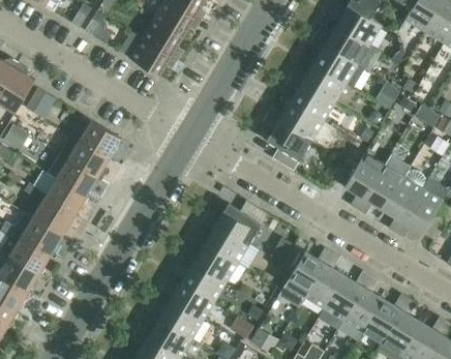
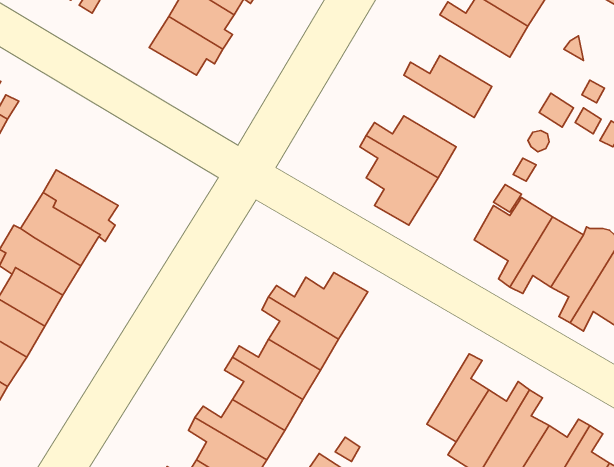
building: [309,37,365,88] -> none
building: [285,76,335,121] -> none
building: [70,115,122,158] -> none
building: [279,245,332,306] -> none

